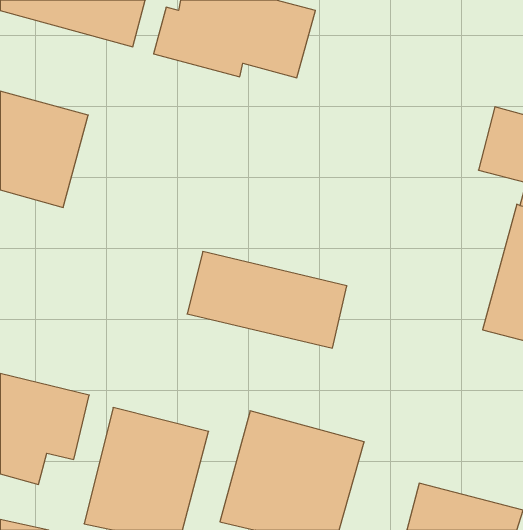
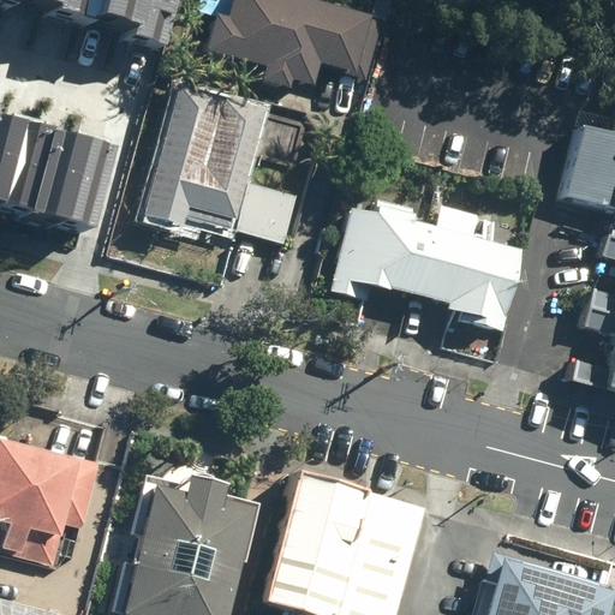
building: none -> [144,85,310,231]
building: [187,252,347,348] -> [336,210,521,322]

